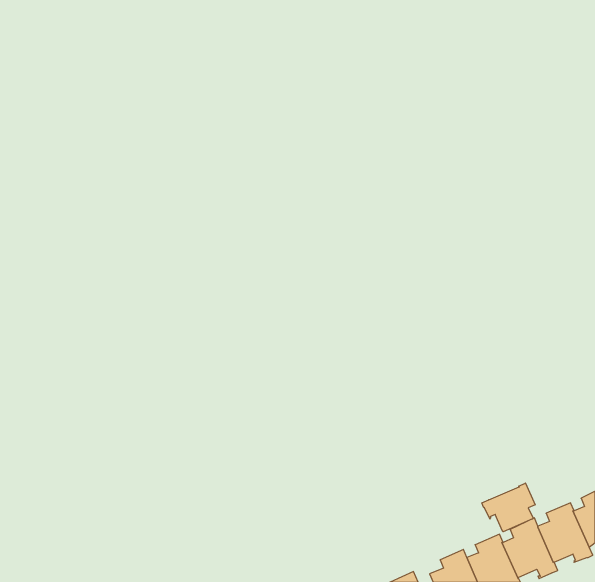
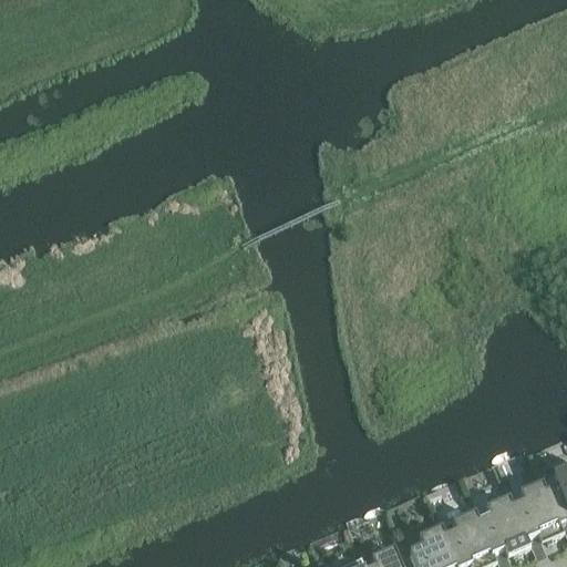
building: [482,483,535,532] -> none

